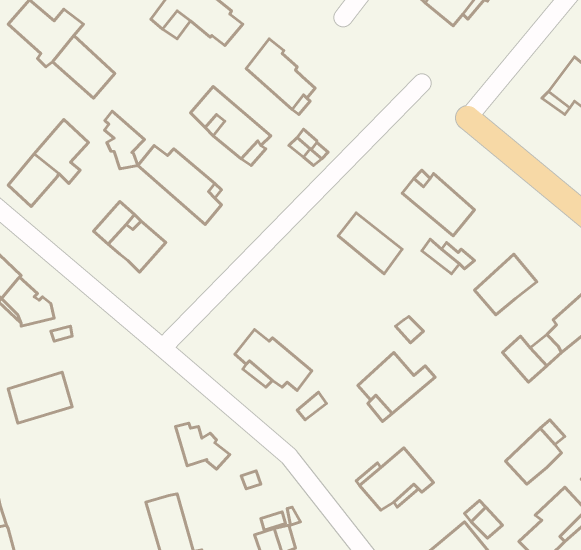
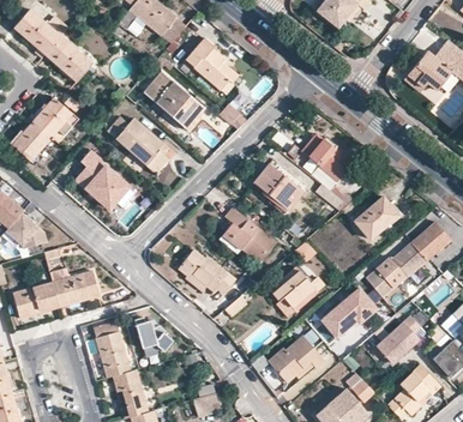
building: [105,111,144,169] -> none
building: none -> [222,207,276,263]
building: none -> [53,270,100,306]
building: none -> [320,287,373,337]
building: none -> [94,318,131,376]

